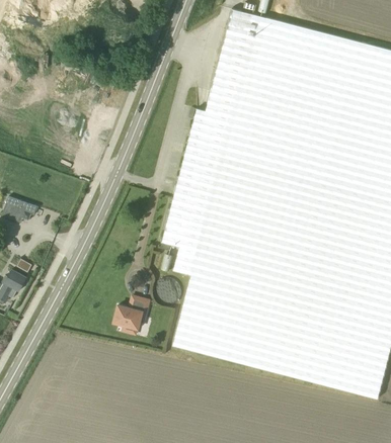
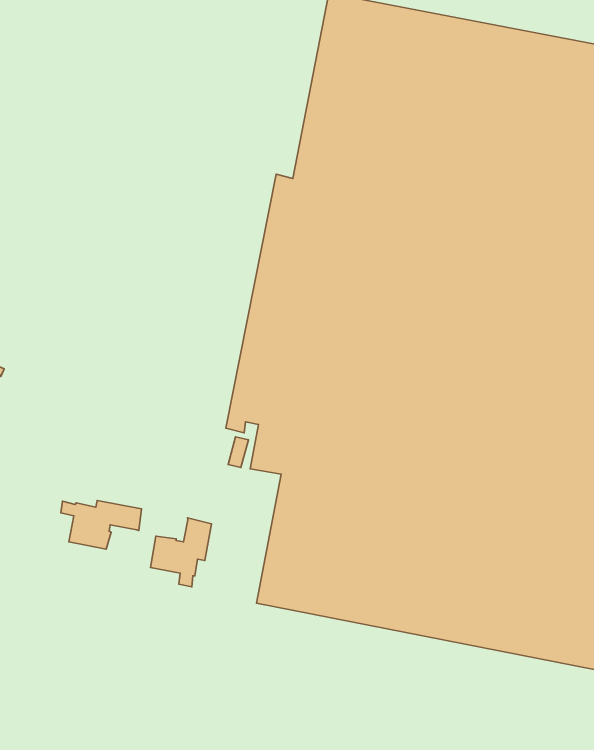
building: none -> [61,501,141,549]

